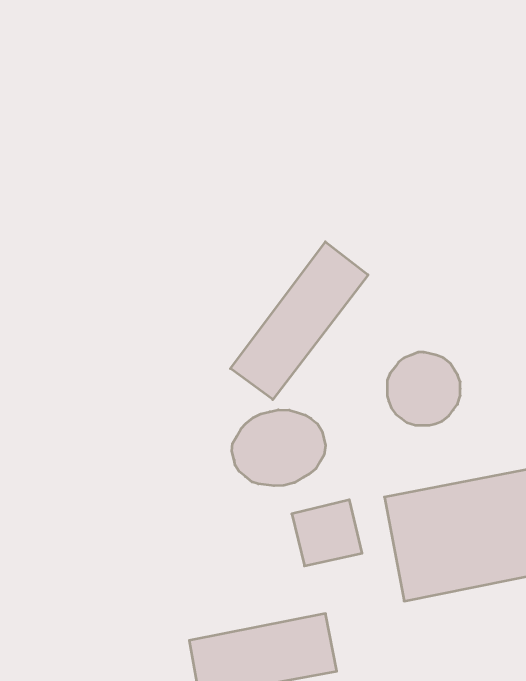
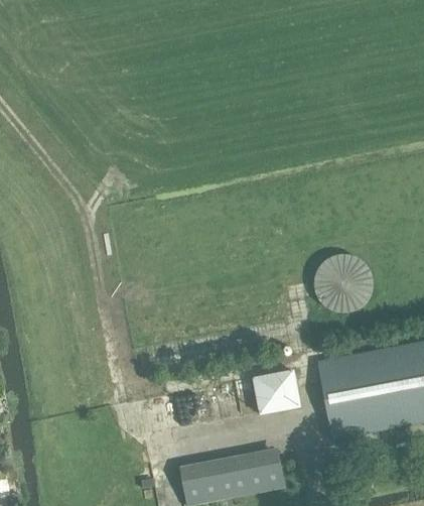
building: [230,242,368,400] -> none
building: [232,410,326,486] -> none

